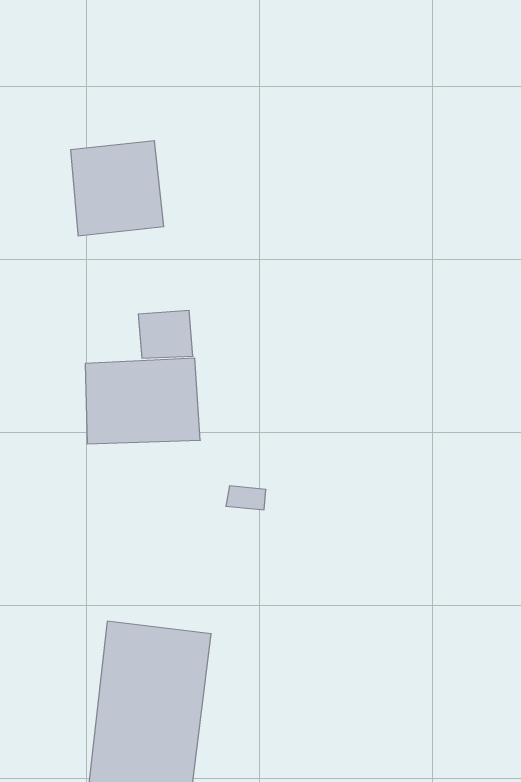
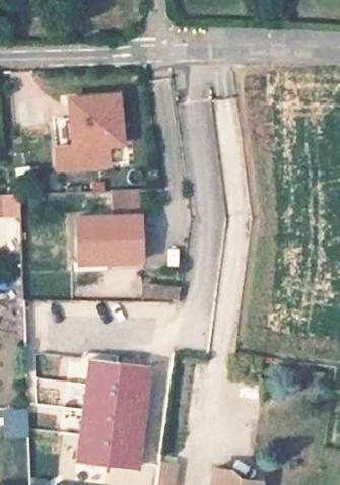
building: none -> [56,143,115,175]

